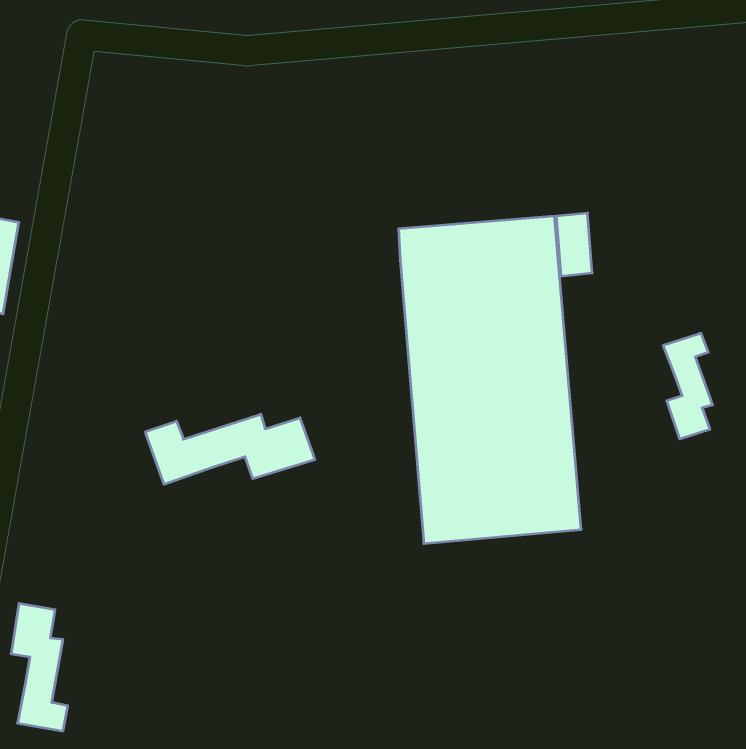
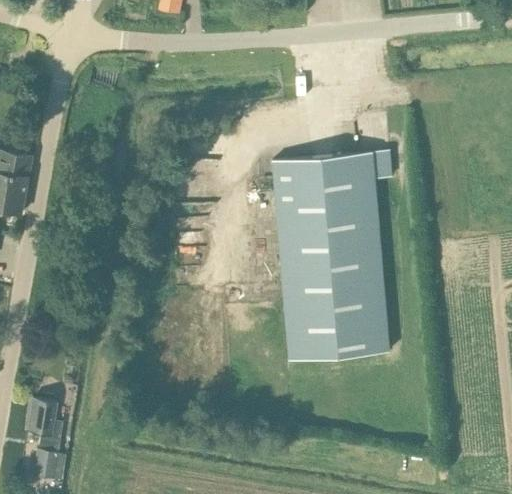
building: [663,333,713,439] -> none
building: [146,414,315,484] -> none

